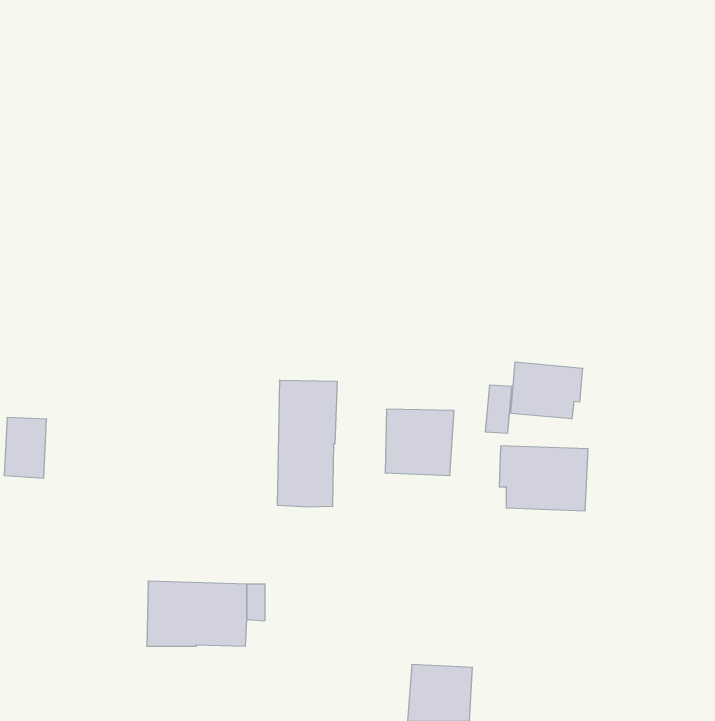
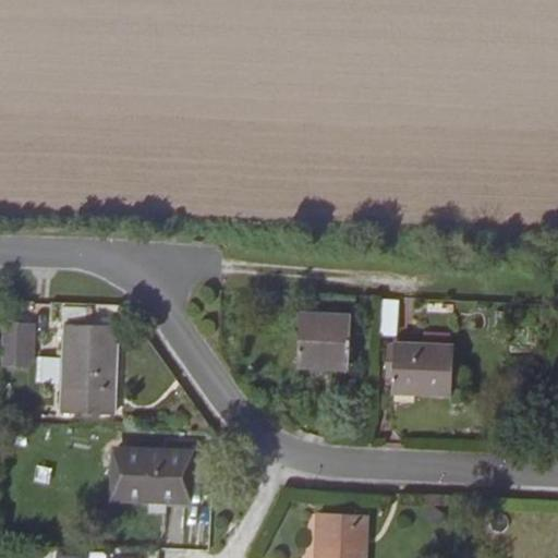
building: [511,362,582,419] -> none
building: [278,380,337,507] -> none
building: none -> [59,325,116,412]

